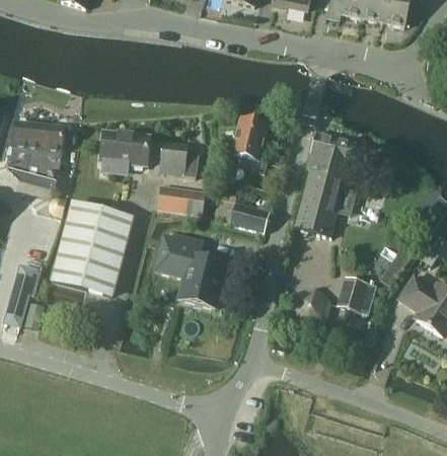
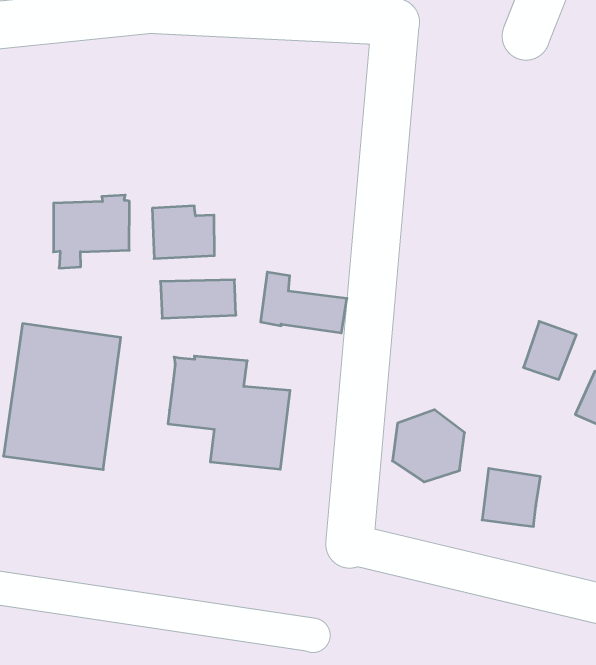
building: [231,116,268,172] -> none
building: [295,132,356,235] -> none
building: [338,275,376,313] -> [482,468,540,526]

